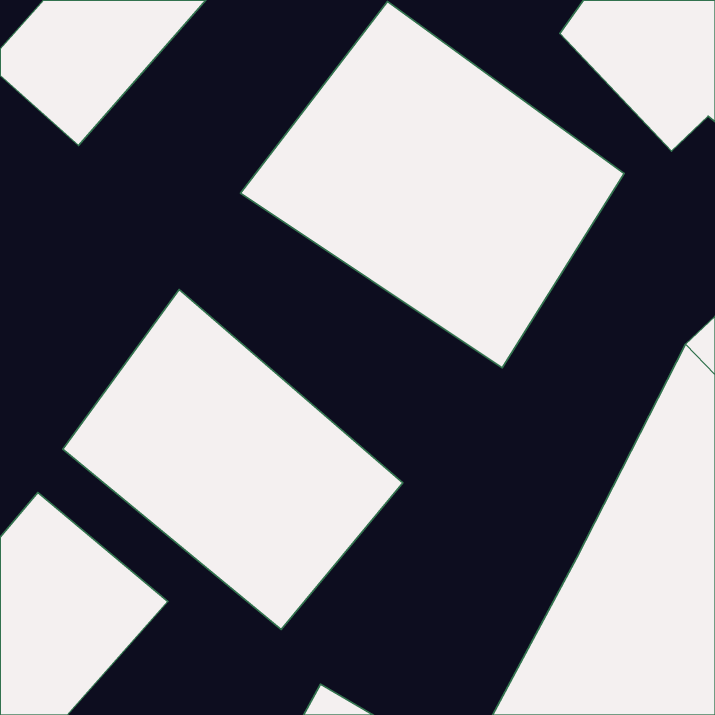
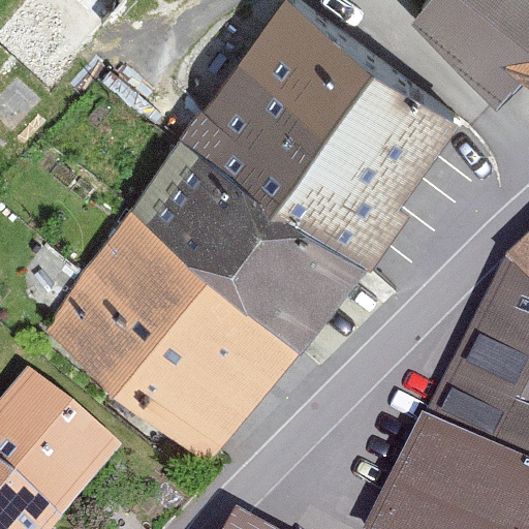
building: none -> [132,143,371,356]

